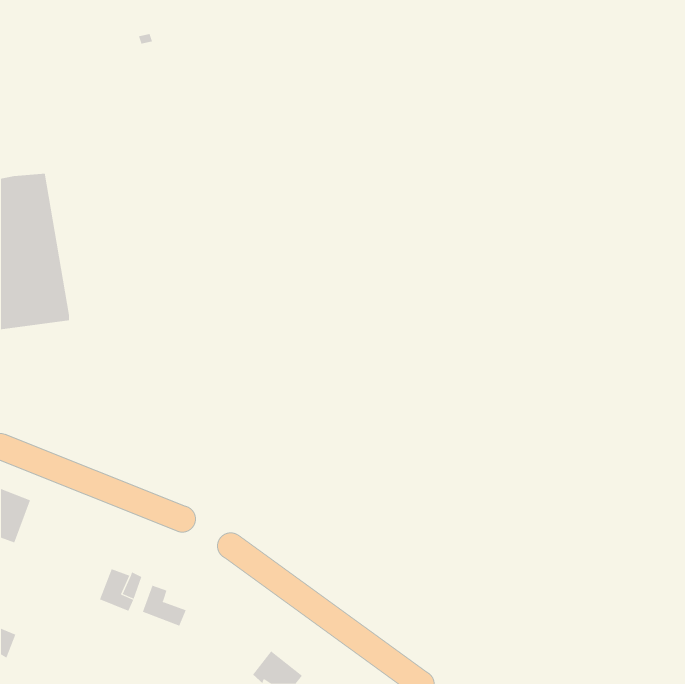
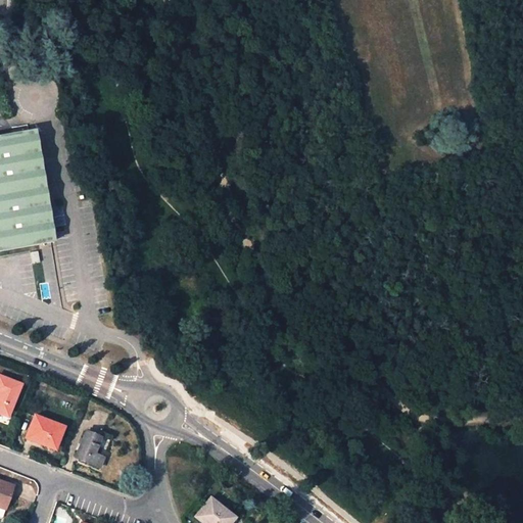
building: none -> [29,416,64,447]
building: [142,585,187,627] -> none

